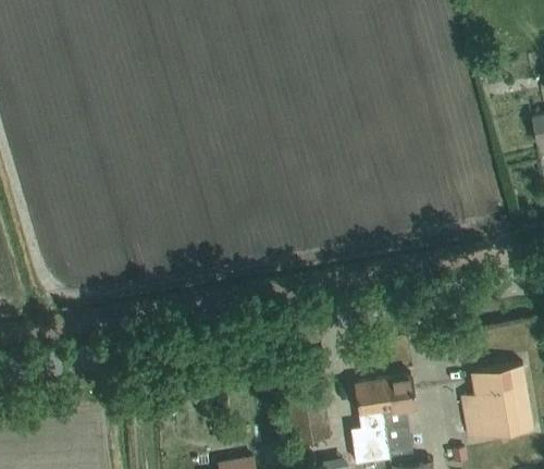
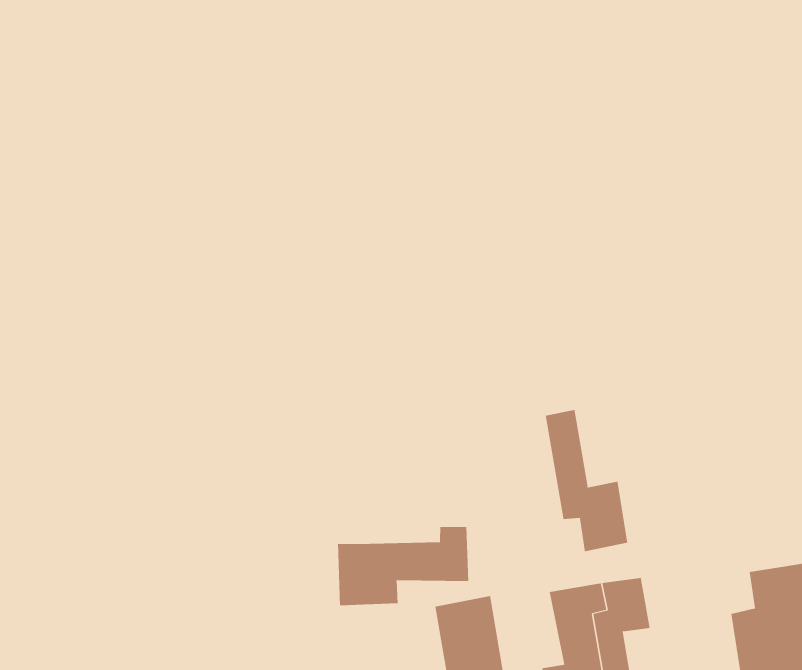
building: none -> [545,409,628,552]
building: none -> [338,526,469,606]

